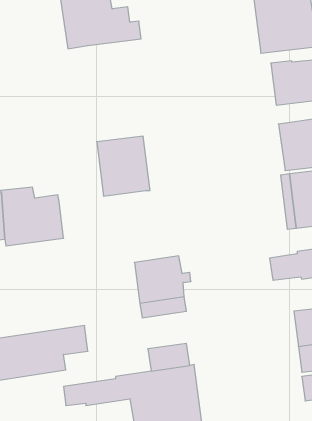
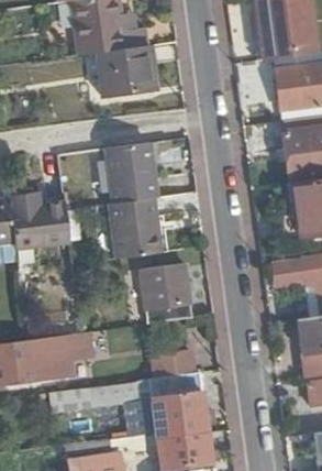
building: none -> [96,44,154,97]
building: none -> [110,196,160,258]

